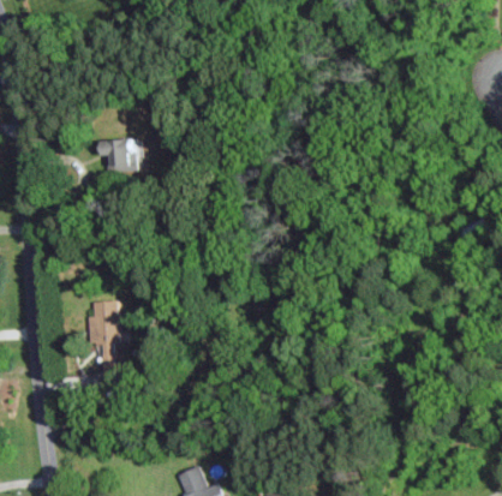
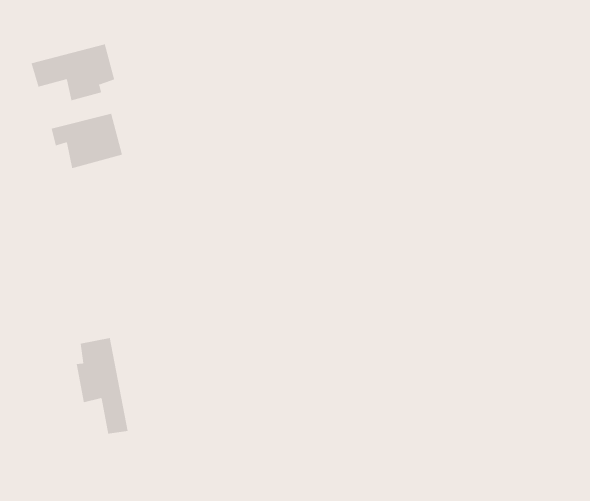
building: none -> [31,43,115,101]

